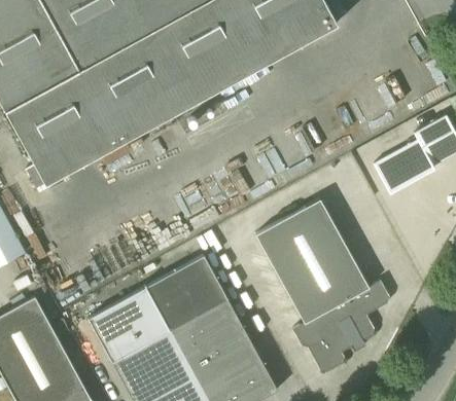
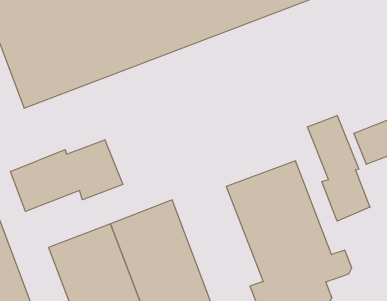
building: none -> [308,115,370,221]
building: none -> [10,140,123,211]

